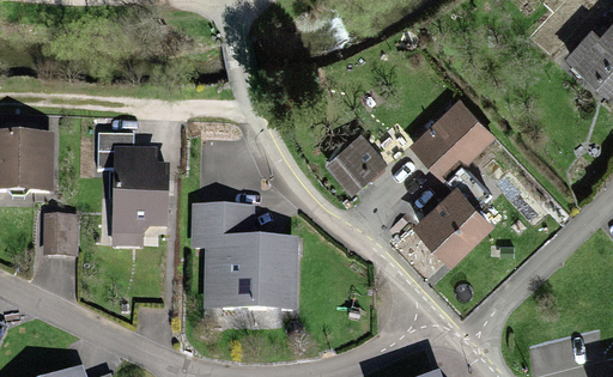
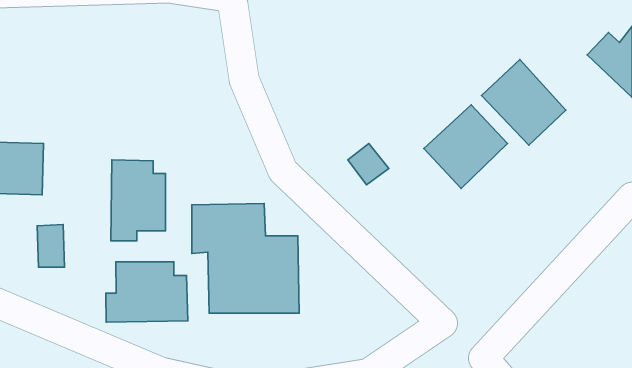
building: none -> [482,60,566,145]
building: [411,183,491,262] -> none
building: none -> [106,262,188,322]

